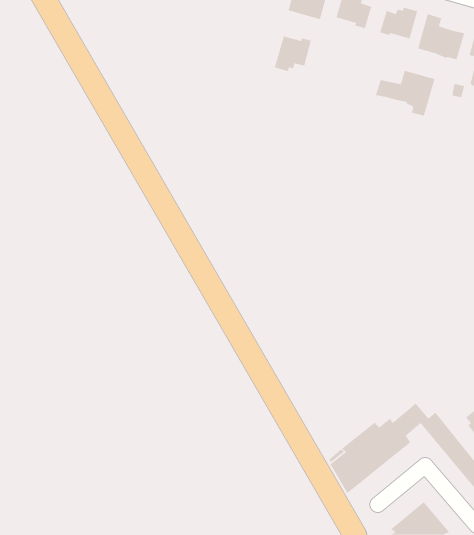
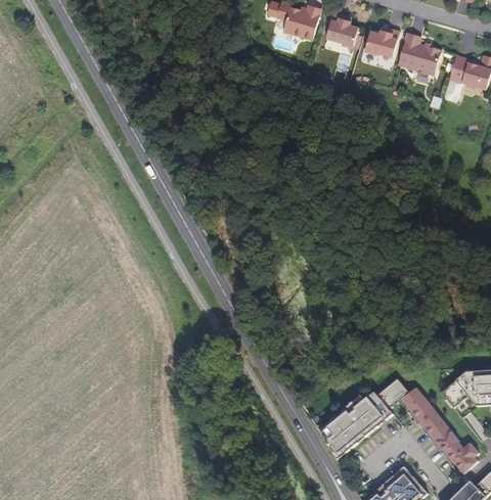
building: [274,35,312,72] -> none
building: [375,70,436,116] -> none

